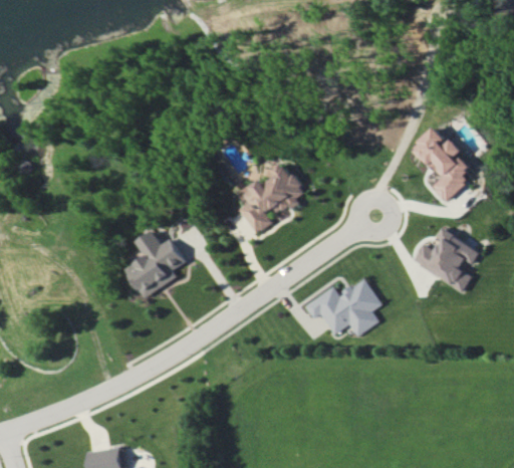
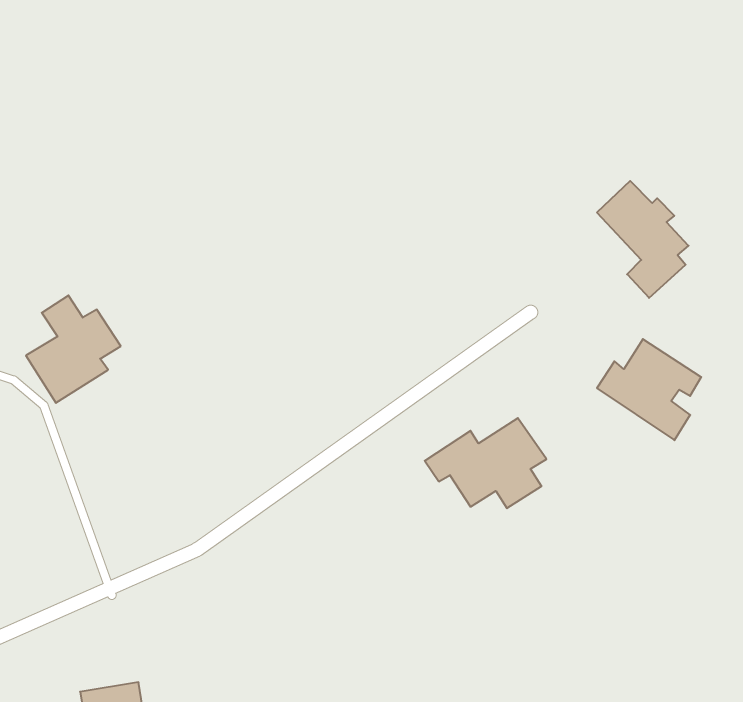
building: [239,162,303,234] -> none
building: [124,230,185,298] -> [26,295,121,403]

